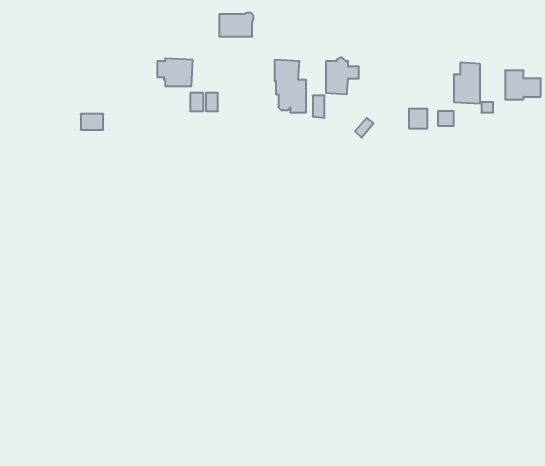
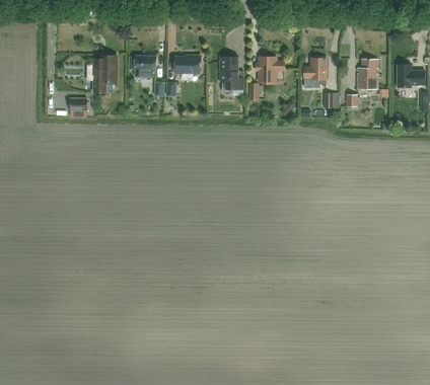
building: [219,13,253,37] -> [174,55,201,73]
building: none -> [88,55,117,92]
building: none -> [304,58,326,84]

